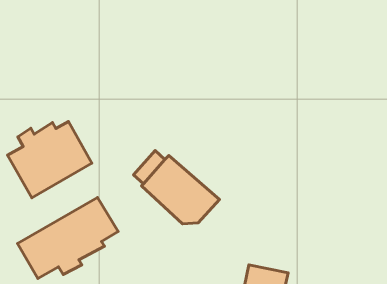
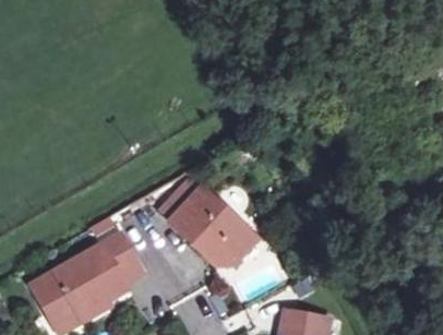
building: [8,122,92,198] -> none

